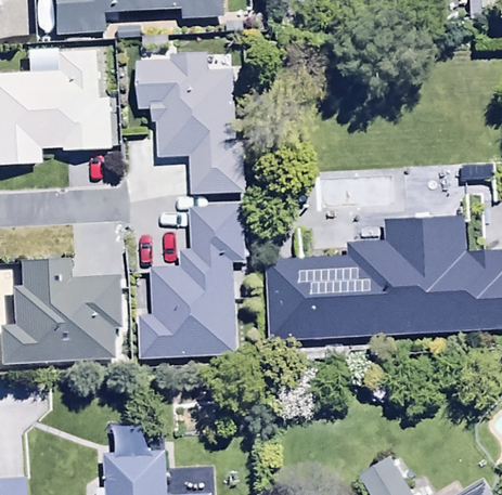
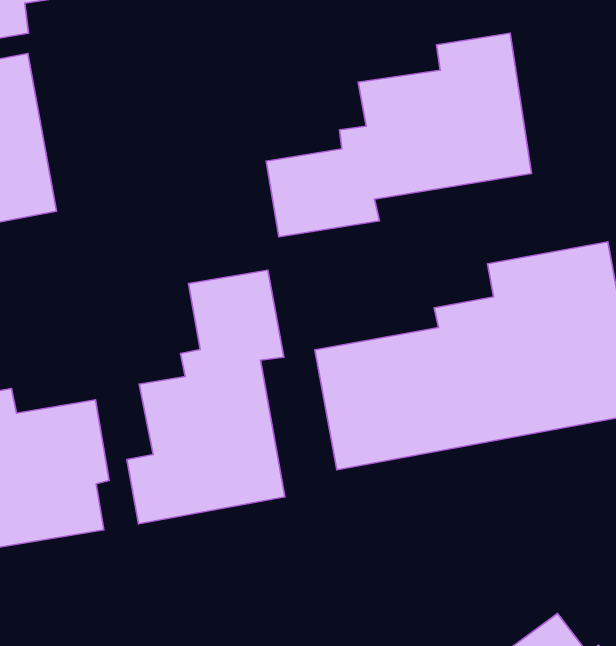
building: [136,51,244,194] -> none
building: none -> [266,33,532,237]

